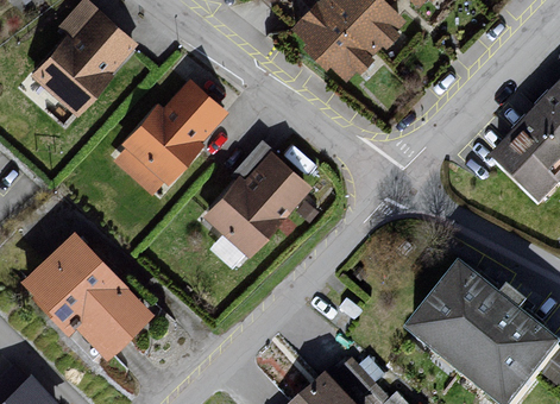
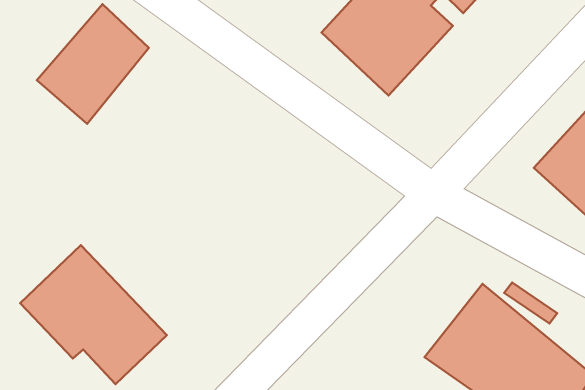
building: [113,80,232,196] -> none
building: [208,150,317,257] -> none

